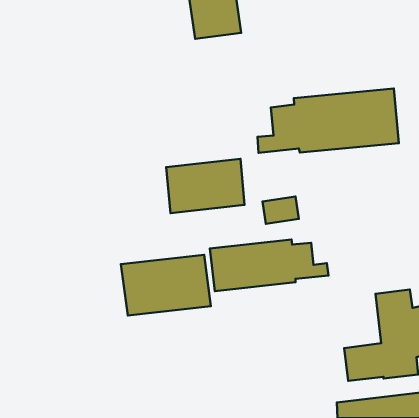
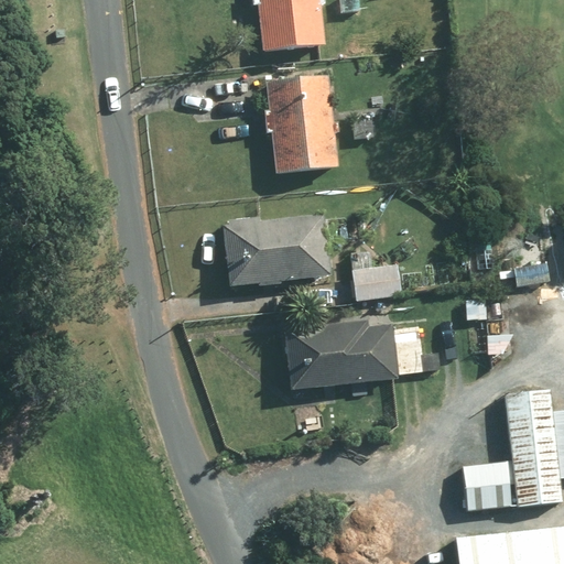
building: none -> [267,75,336,173]
building: [257,89,399,153] -> none
building: [121,255,211,315] -> none

